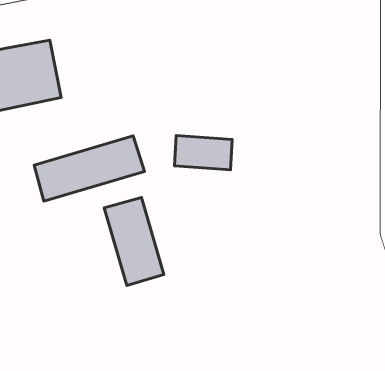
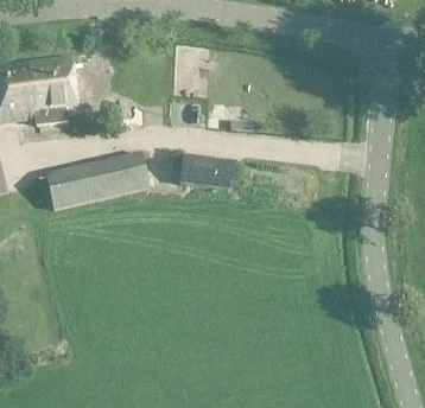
building: [104,197,164,286] -> none

